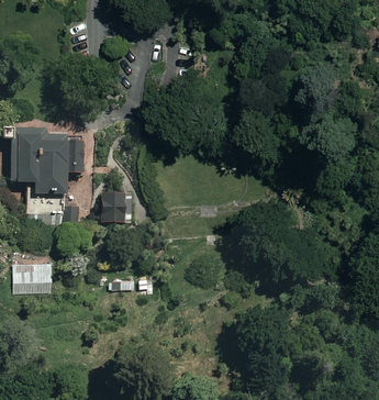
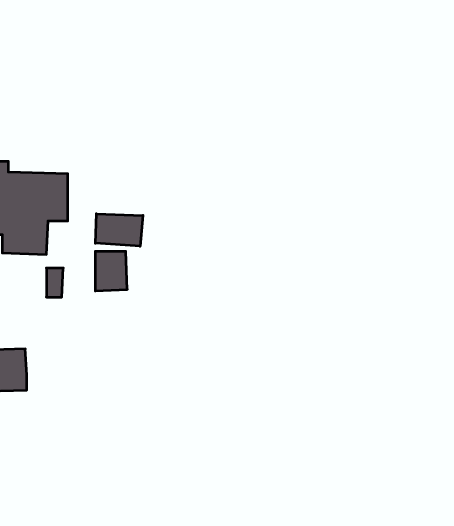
building: none -> [95,214,143,246]

